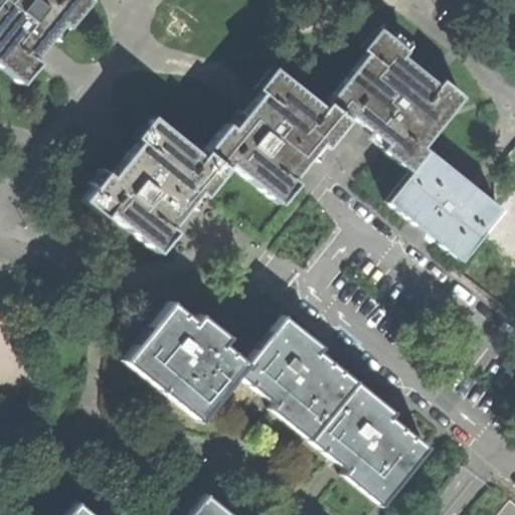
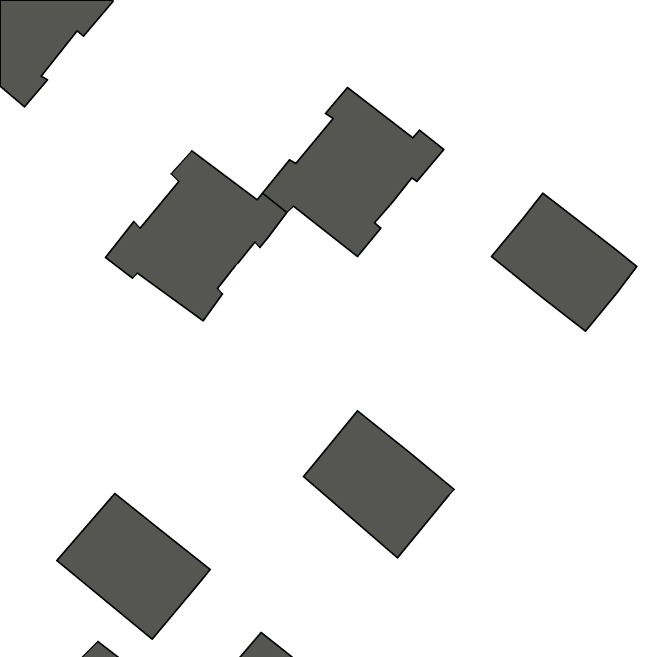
building: [333,28,468,171] -> none
building: [132,303,251,416] -> [57,494,210,639]
building: [314,387,430,500] -> none

